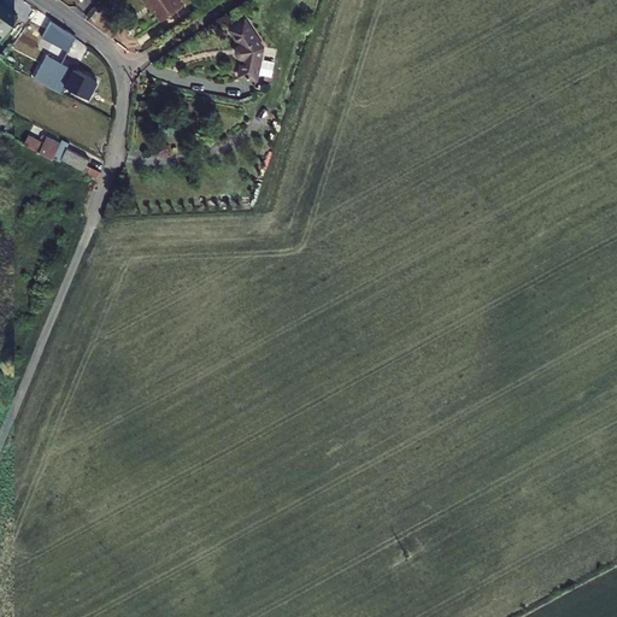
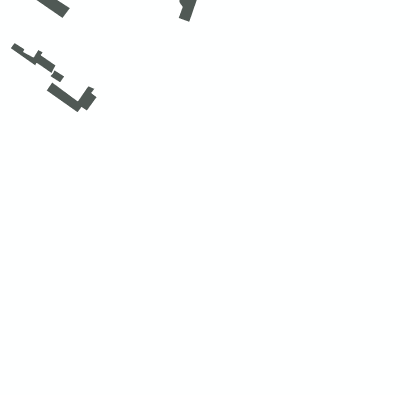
building: none -> [46,81,97,113]

